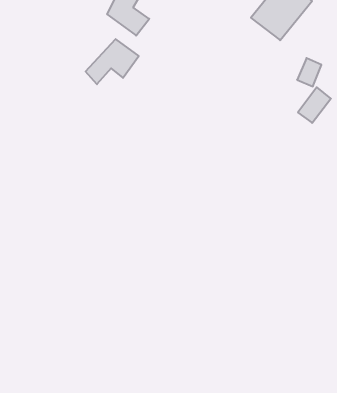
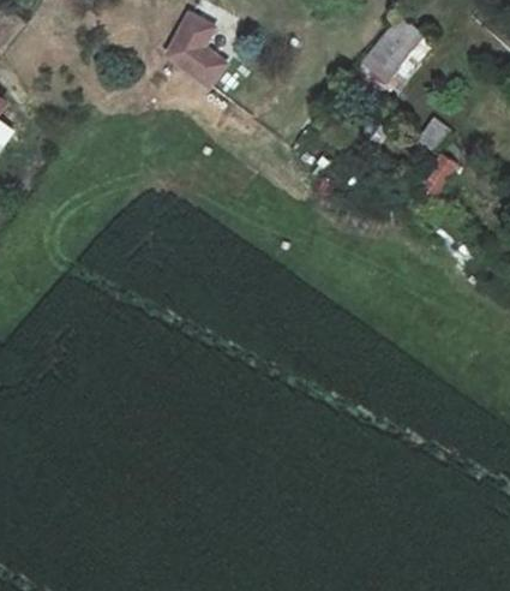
building: [86,39,139,84] -> none

